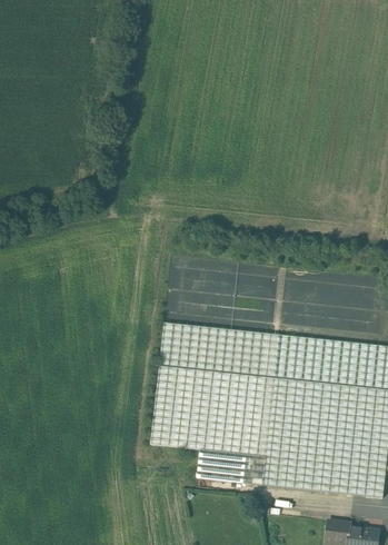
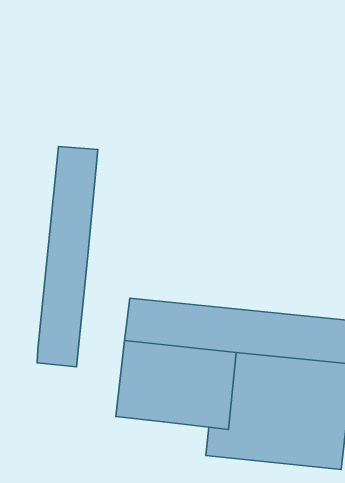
building: none -> [37,146,98,367]
building: [198,448,247,483] -> none

